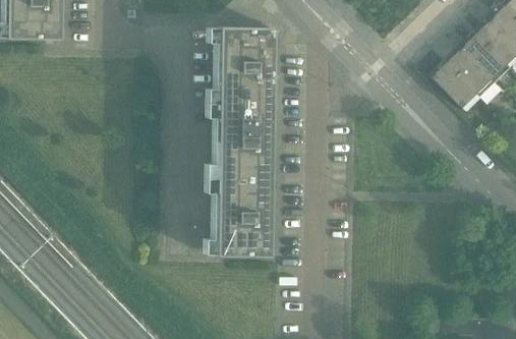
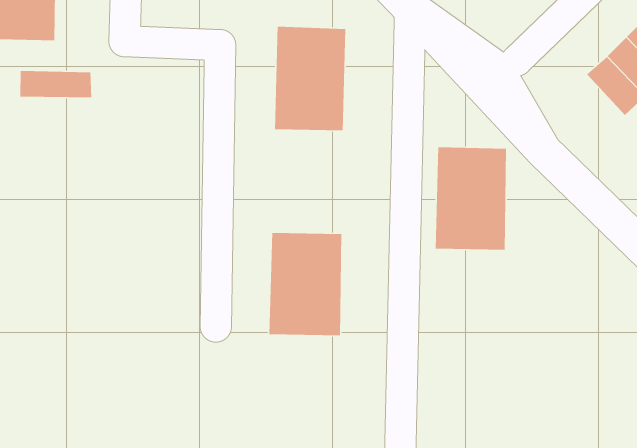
building: none -> [20,70,92,98]
building: [433,59,476,112] -> none
building: [217,100,270,176] -> [435,147,507,251]

